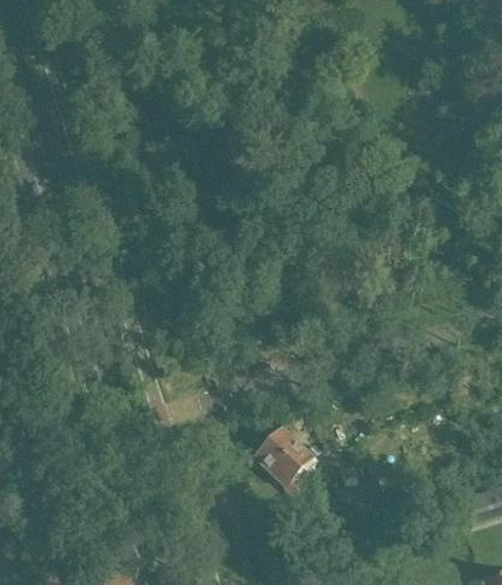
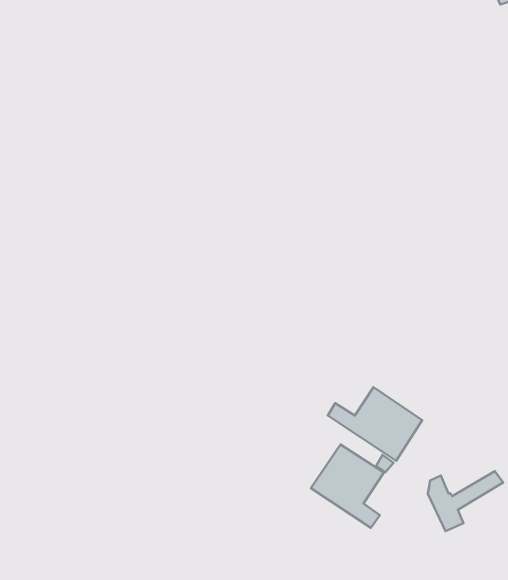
building: none -> [328,387,422,461]

